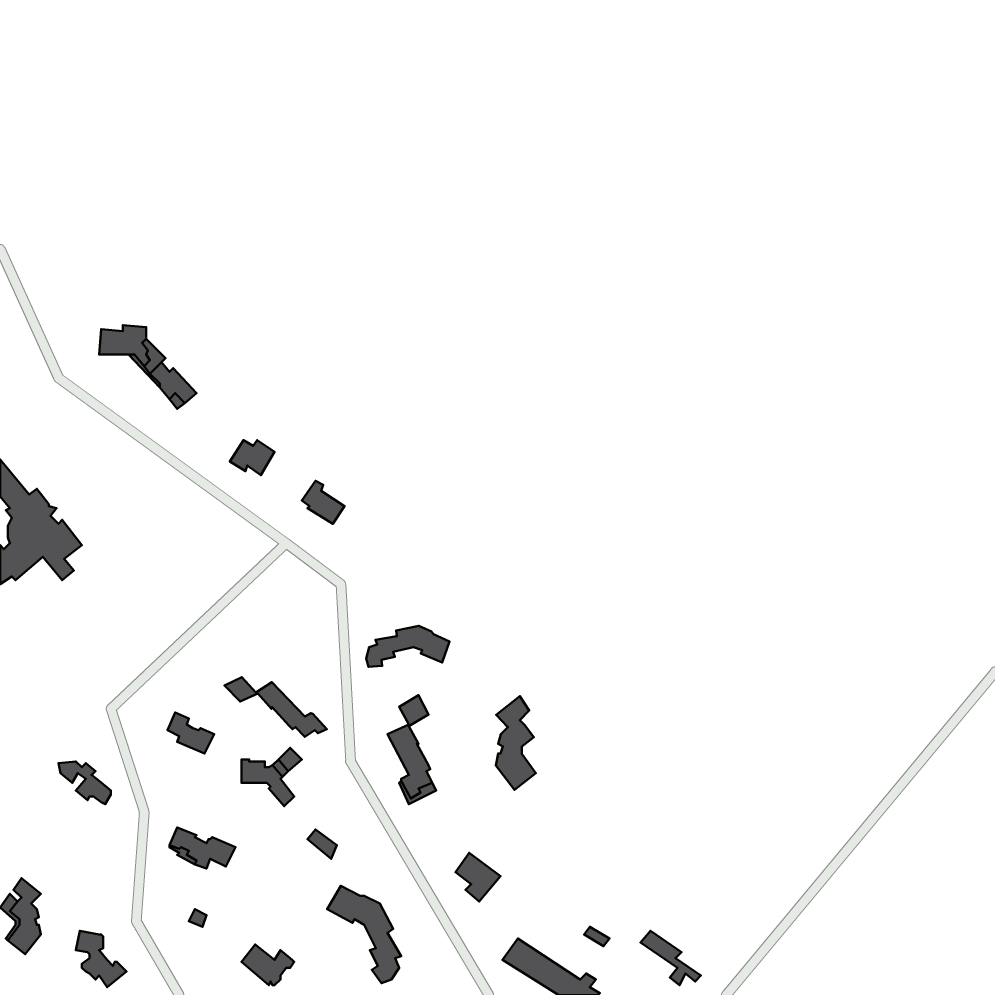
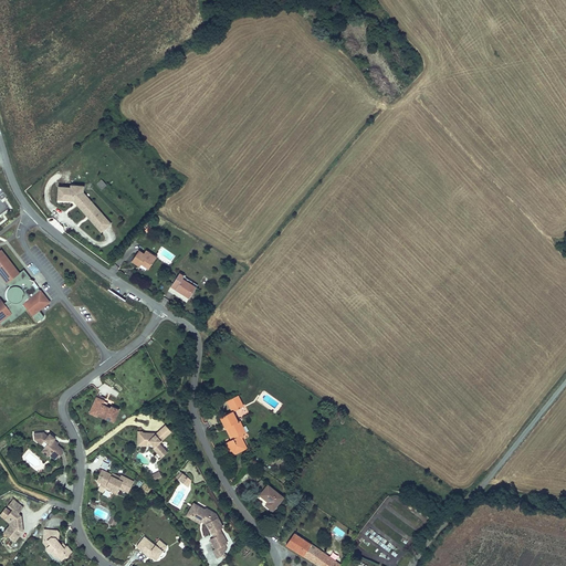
building: [366,626,449,667] -> none
building: [225,677,327,737] -> none
building: [496,696,536,790] -> none

